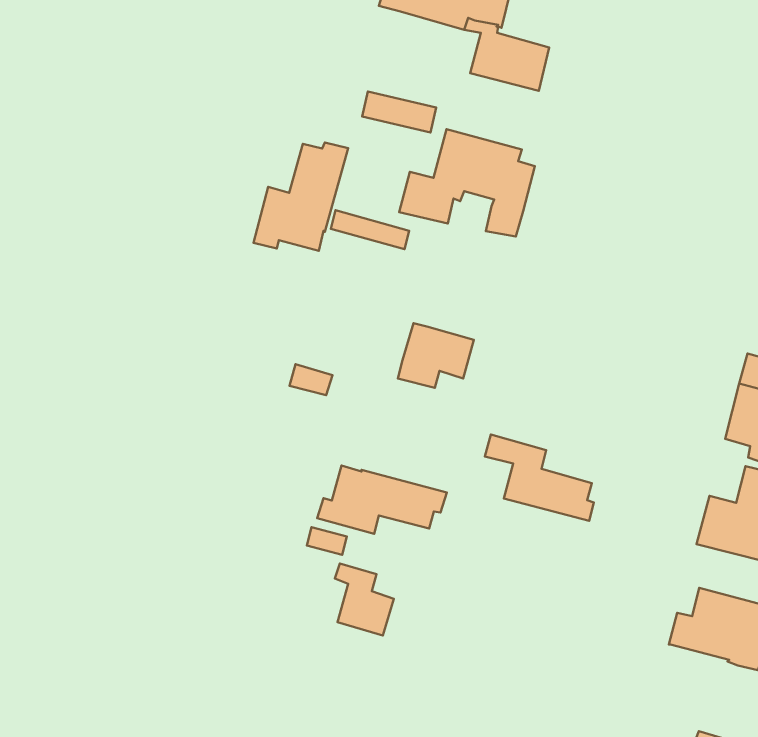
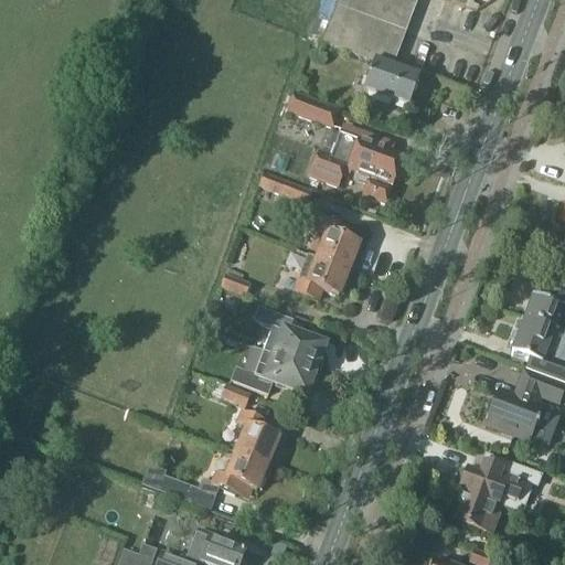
building: [253,143,348,251] -> none
building: none -> [318,216,359,268]
building: [485,435,594,521] -> [254,305,324,370]
building: none -> [158,450,267,507]
building: none -> [455,488,505,533]

